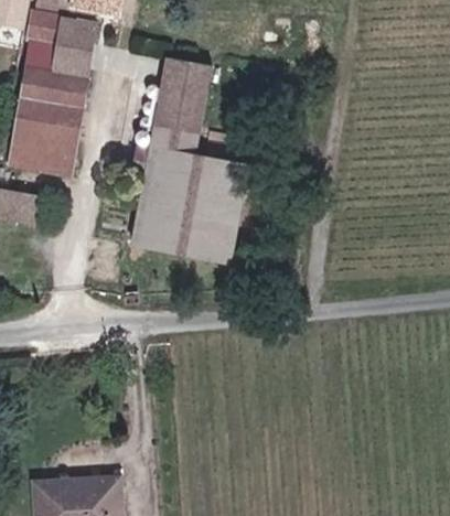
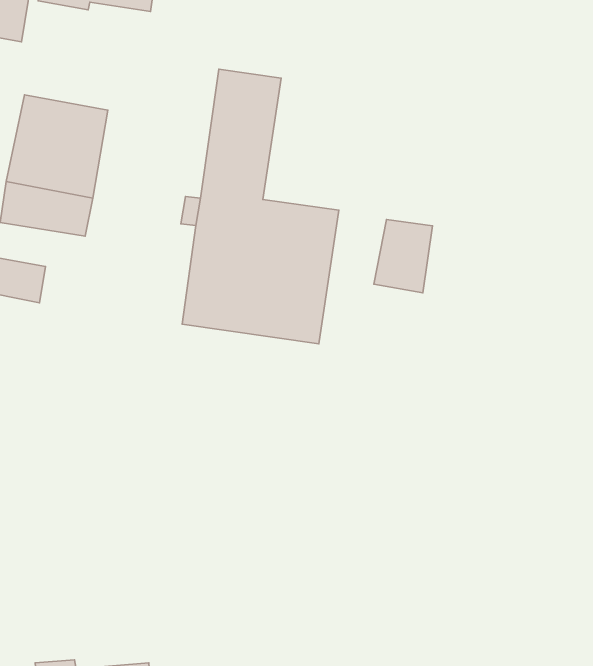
building: [26,9,97,83] -> none
building: none -> [374,219,433,293]

